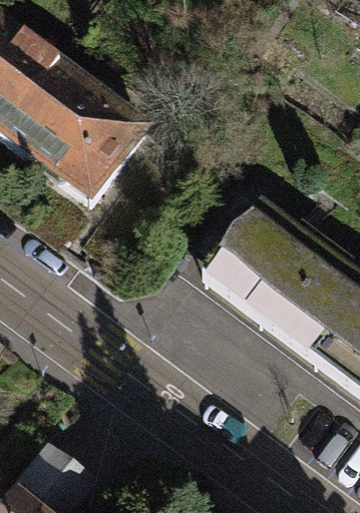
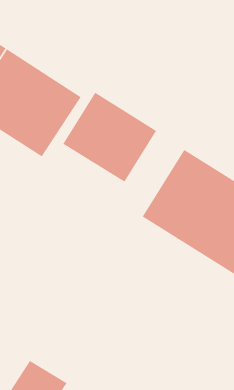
building: none -> [63,92,157,182]

